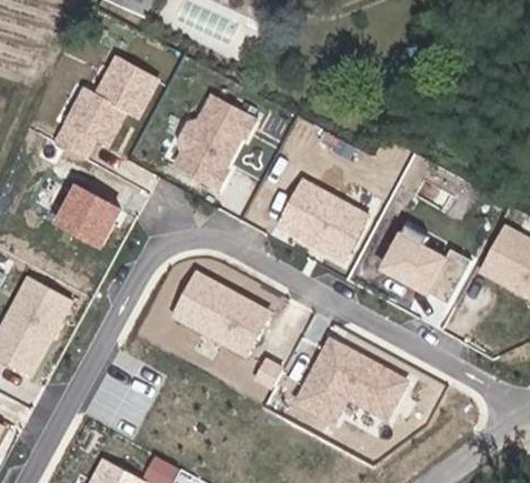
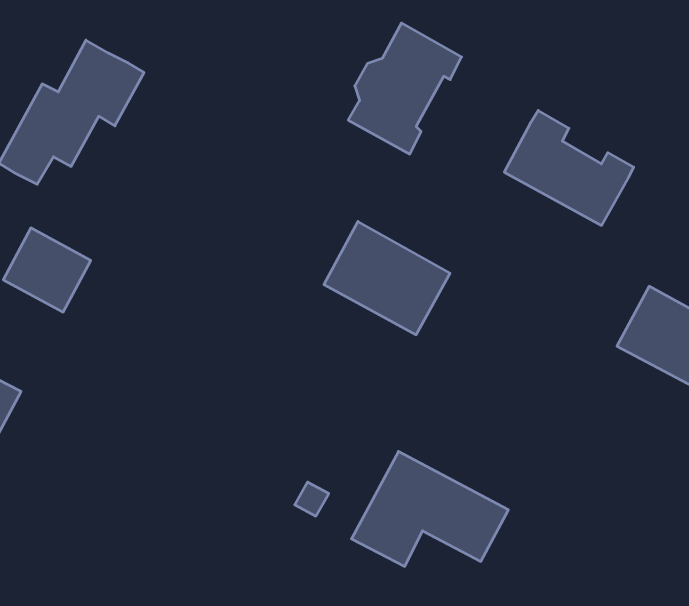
building: [174,97,252,187] -> [348,23,462,154]
building: [380,220,469,299] -> [504,110,634,225]
building: [173,273,267,352] -> none

